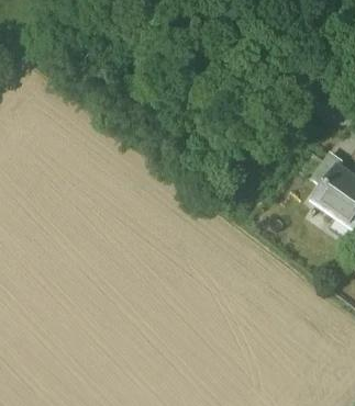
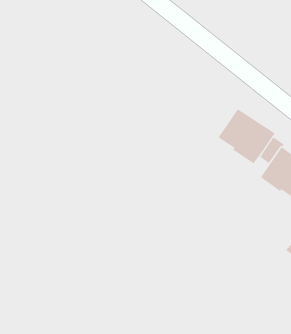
building: none -> [217,108,275,164]

